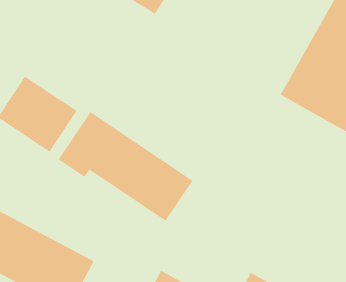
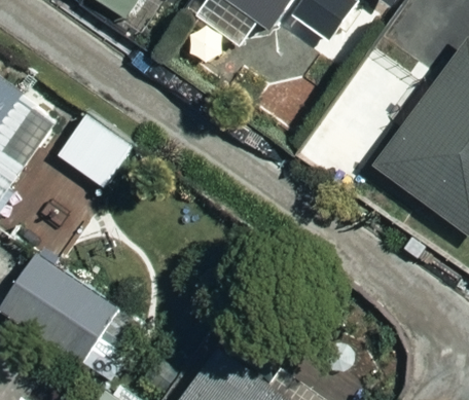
building: [58,111,193,221] -> none

